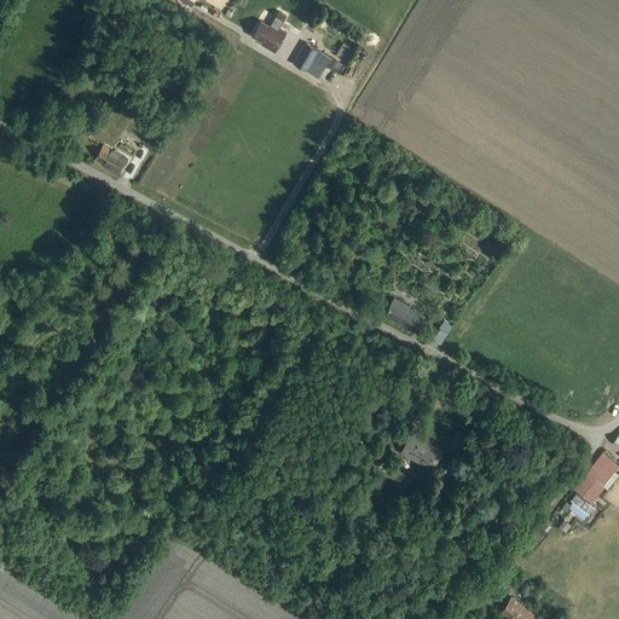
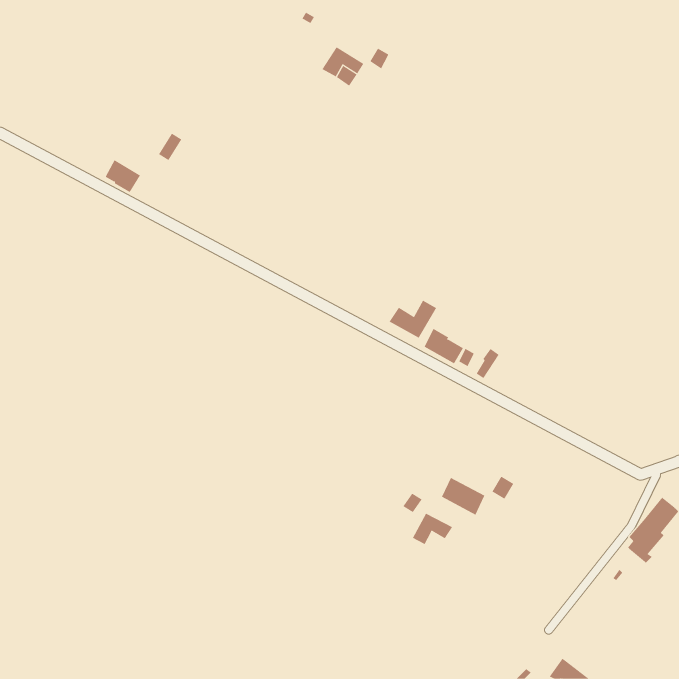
building: [253,21,285,52] -> none
building: none -> [389,300,437,339]
building: none -> [412,513,453,545]

